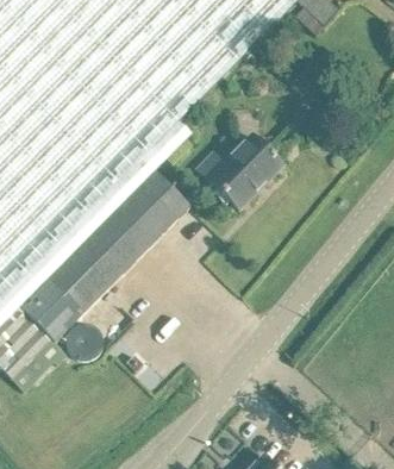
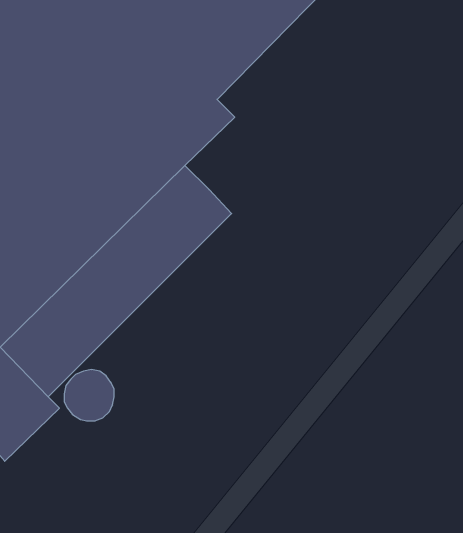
building: [198,135,282,210] -> none

